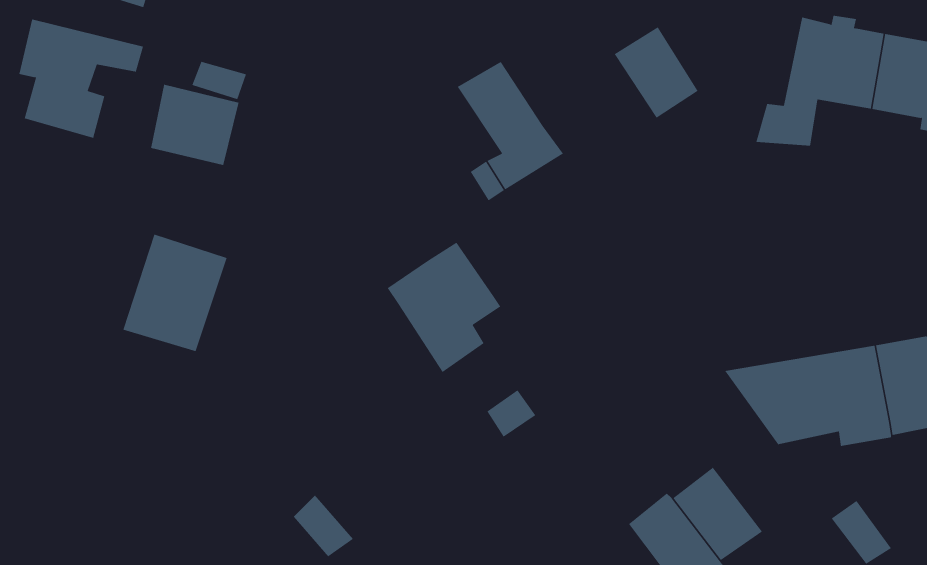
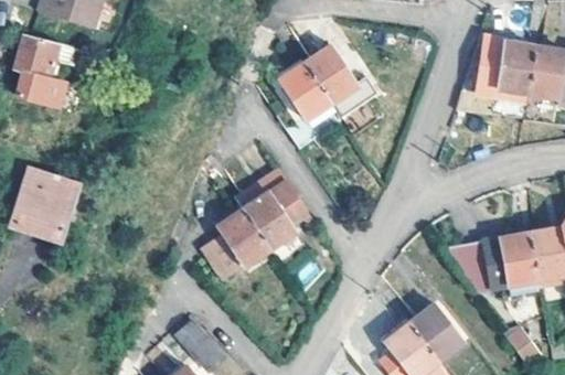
building: [614,26,699,119] -> [305,45,355,100]
building: [151,84,239,166] -> none
building: [122,234,227,352] -> [14,170,77,240]
building: none -> [200,207,269,281]

